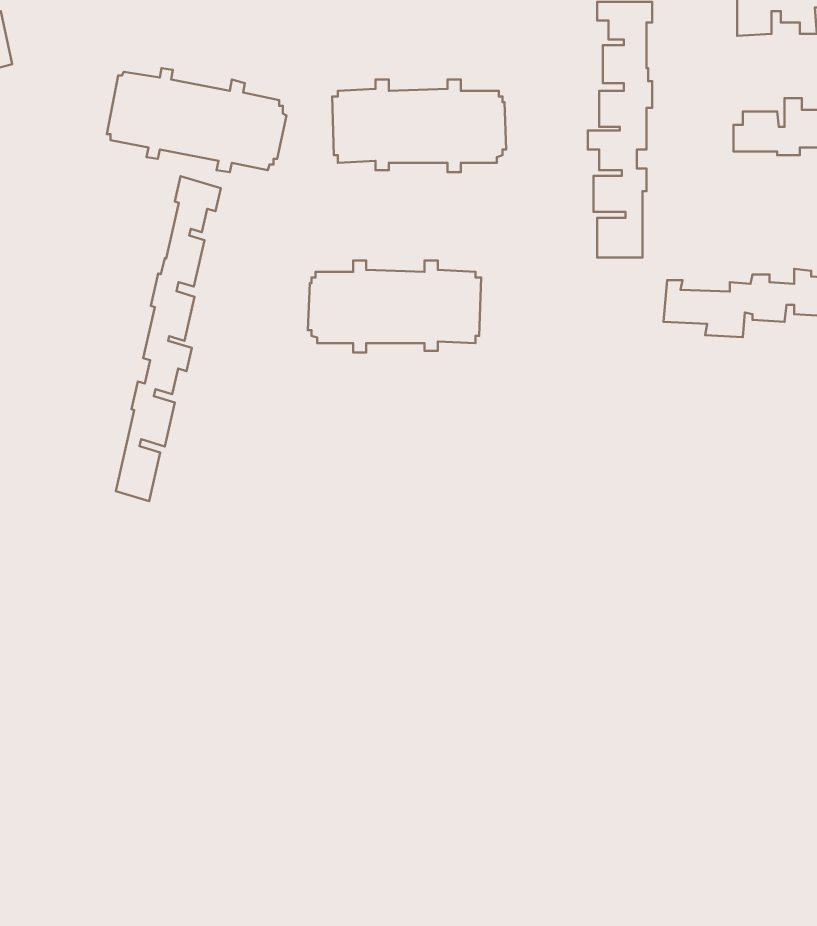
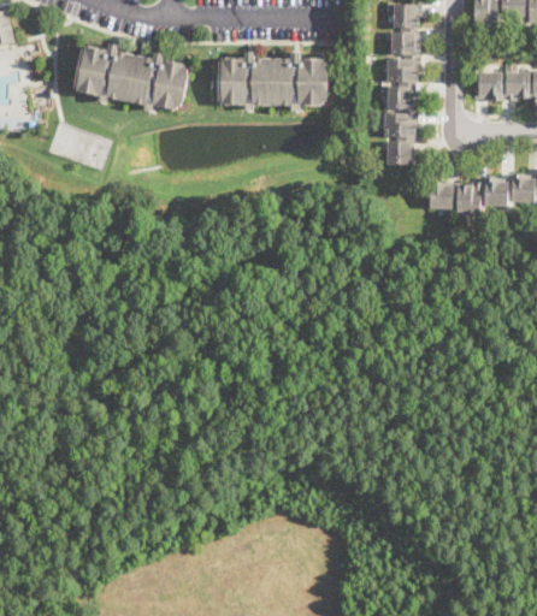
building: [116,176,221,501] -> none
building: [308,261,481,353] -> none

